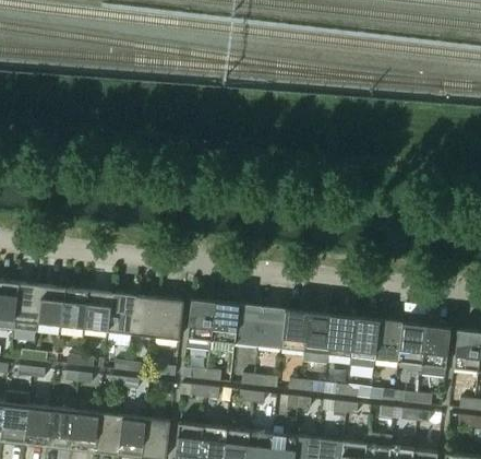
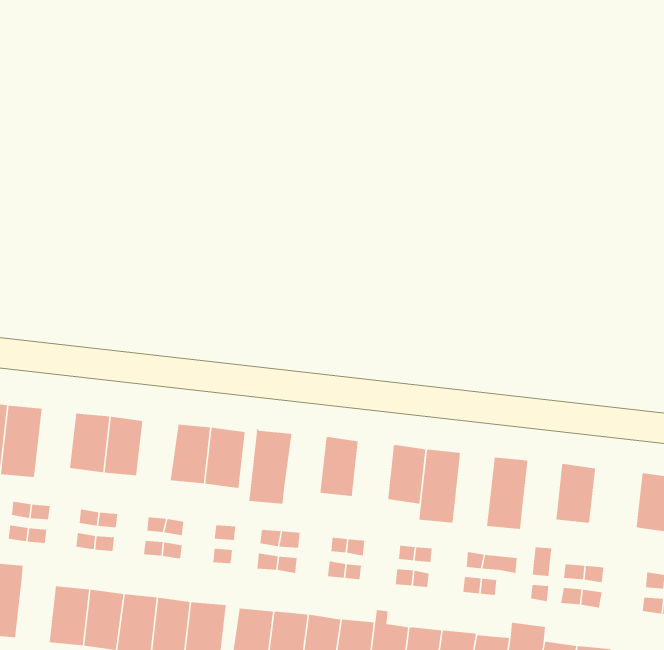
building: [37,284,64,326] -> none
building: [107,293,135,334] -> none
building: [209,301,238,343] -> none
building: [256,306,285,349] -> none
building: [327,315,354,356] -> none
building: [374,319,401,362] -> none
building: [420,325,449,377] -> none
building: [23,404,50,447] -> none

